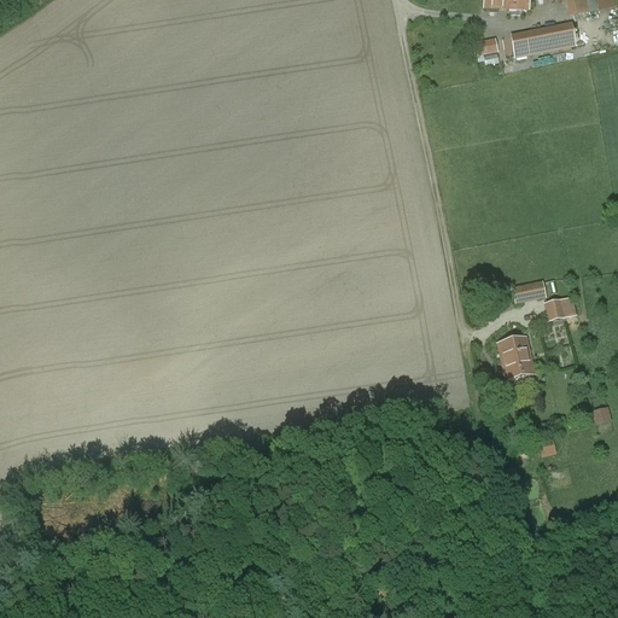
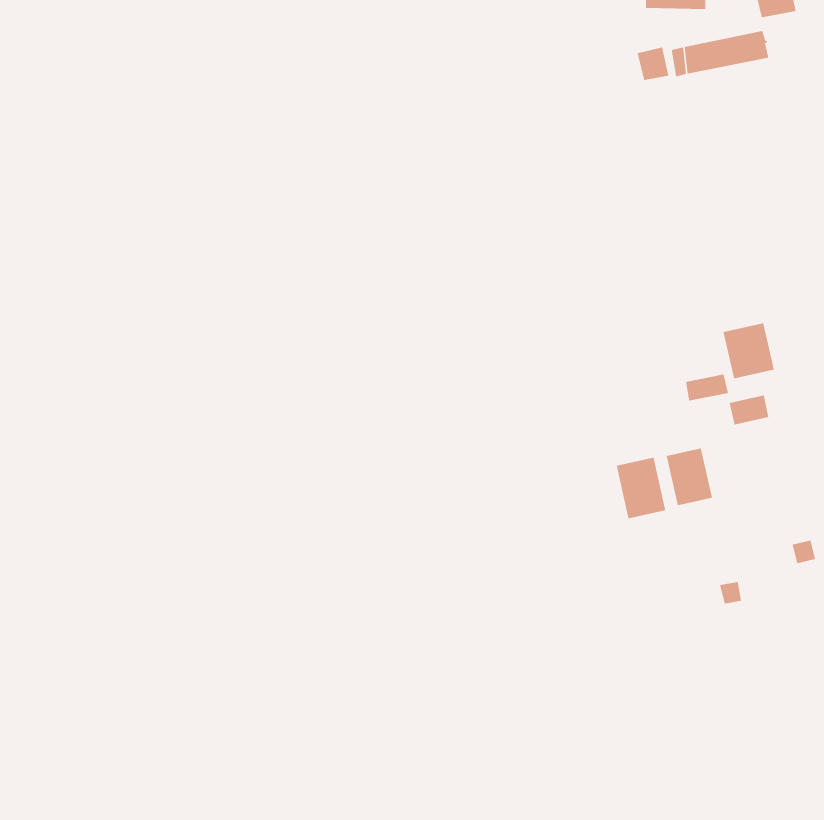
building: none -> [723,322,774,379]
building: none -> [616,457,666,519]

